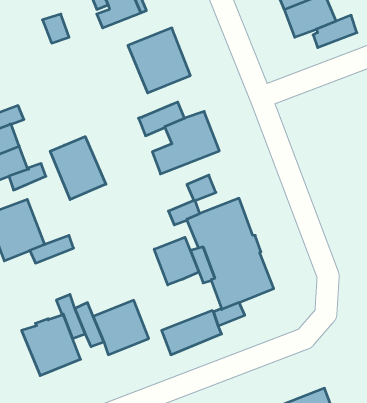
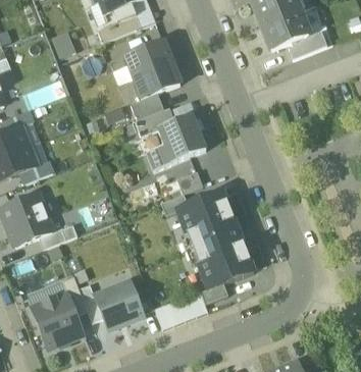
building: none -> [131,92,164,119]
building: [50,137,106,200] -> none
building: [154,237,199,285] -> none

